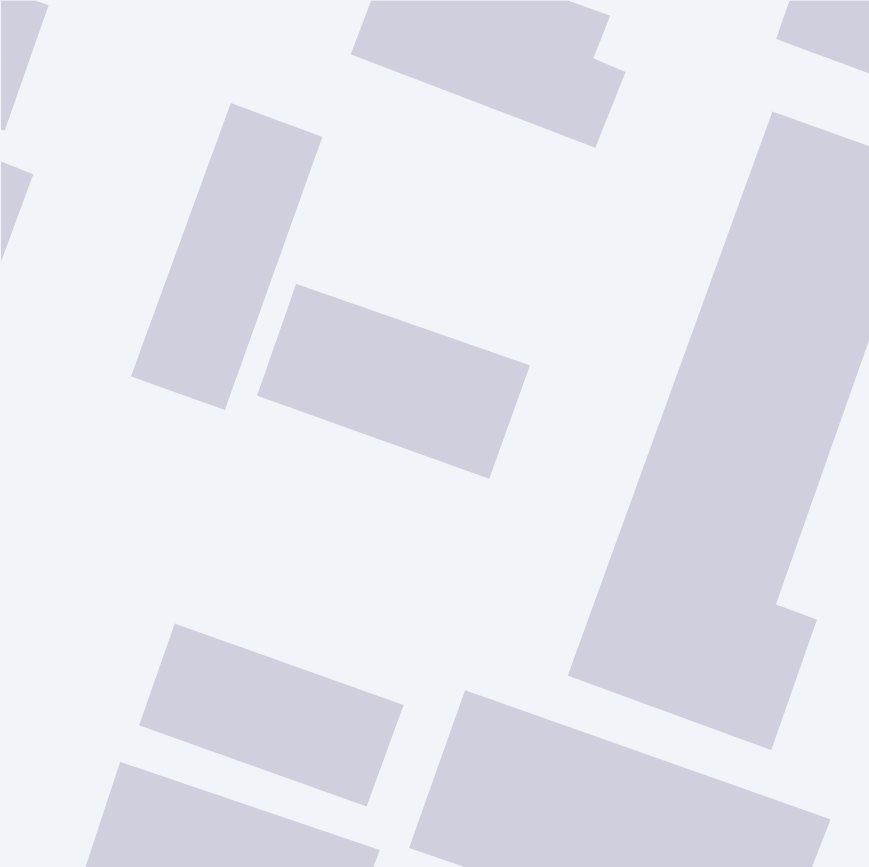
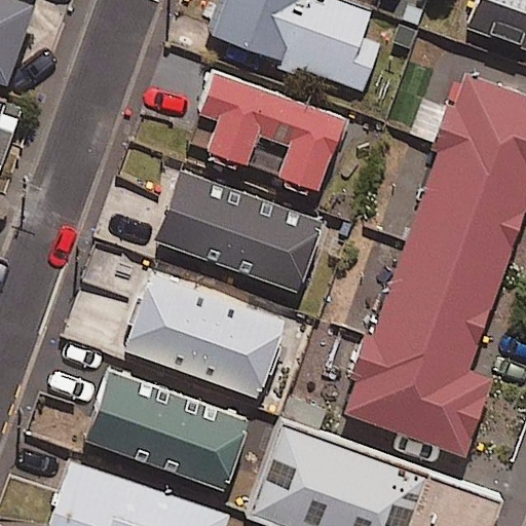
building: [130,102,323,411] -> none
building: none -> [188,73,341,190]
building: none -> [124,281,280,397]

